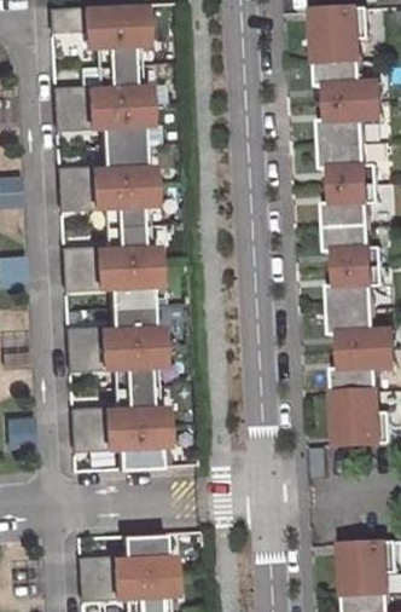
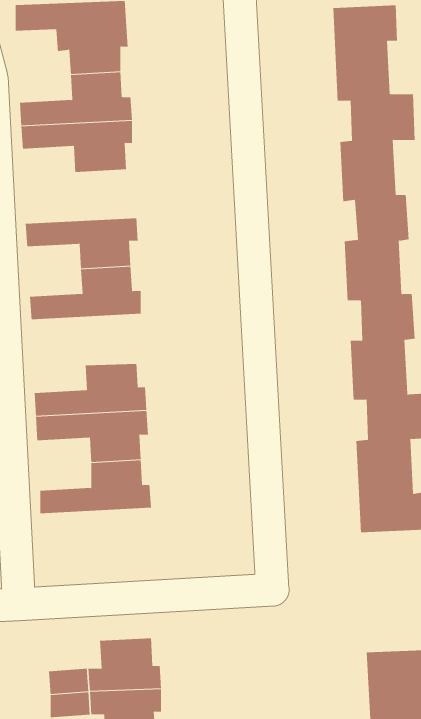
building: [58,145,152,190] -> none
building: [64,265,157,307] -> none
building: [71,426,165,469] -> none

